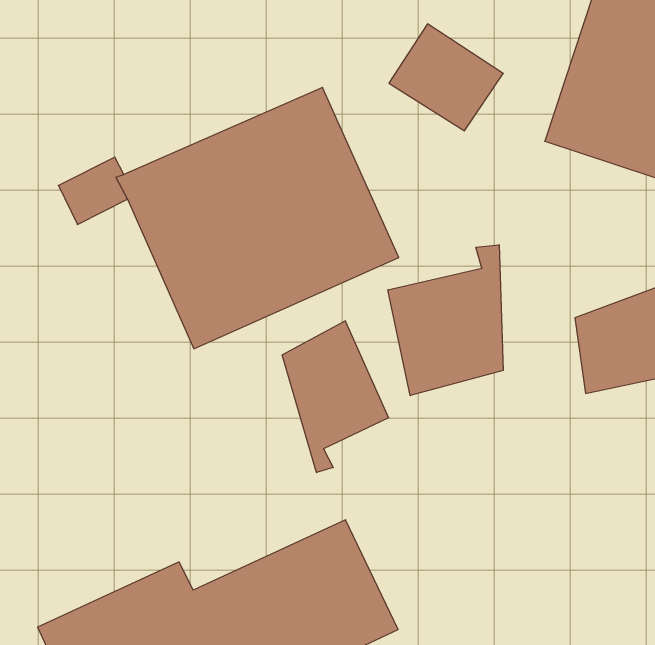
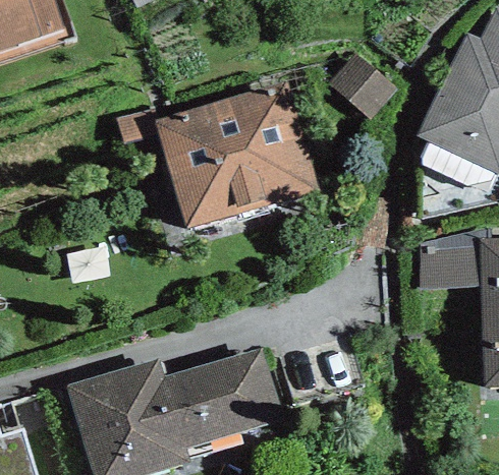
building: [388,245,503,396] -> none
building: [282,321,389,473] -> none

